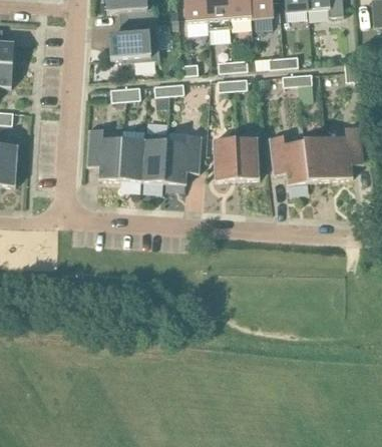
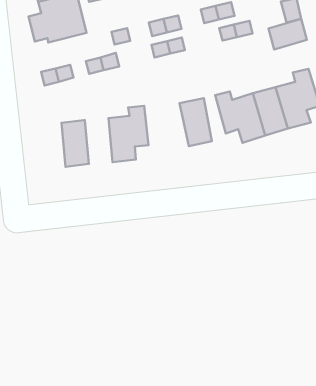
building: none -> [269,19,307,49]
building: [86,128,122,179] -> none
building: [141,131,167,182] -> none
building: [213,138,237,180] -> none

